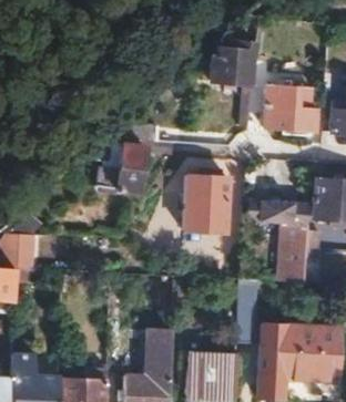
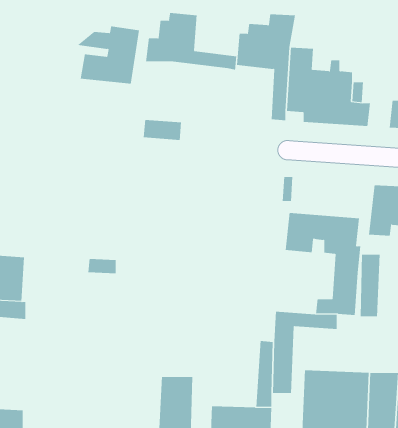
building: none -> [145,12,237,70]
building: [95,144,145,190] -> [77,26,140,84]
building: [184,175,228,230] -> none

